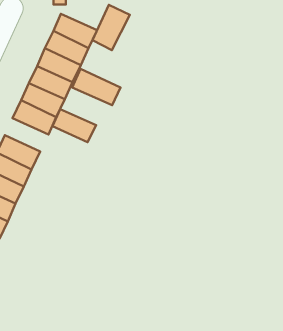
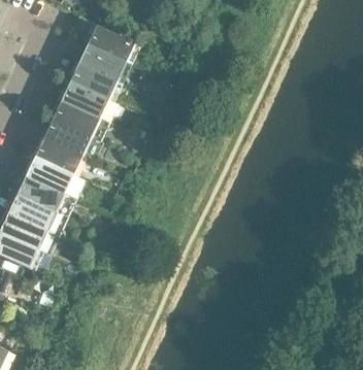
building: [92,5,130,50] -> none
building: [72,69,120,105] -> none
building: [53,109,96,142] -> [36,137,84,173]

